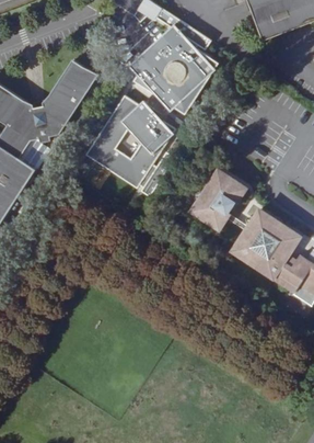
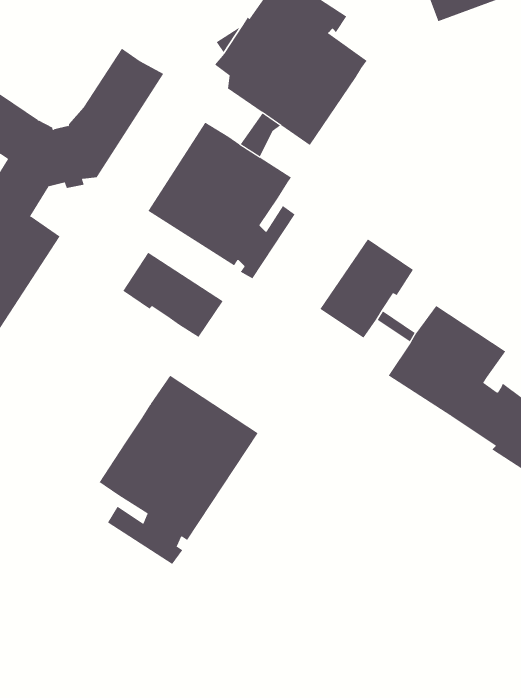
building: none -> [123,252,223,338]
building: none -> [99,375,259,565]

